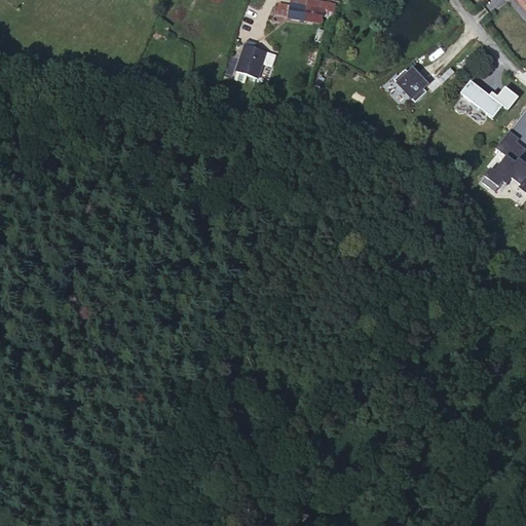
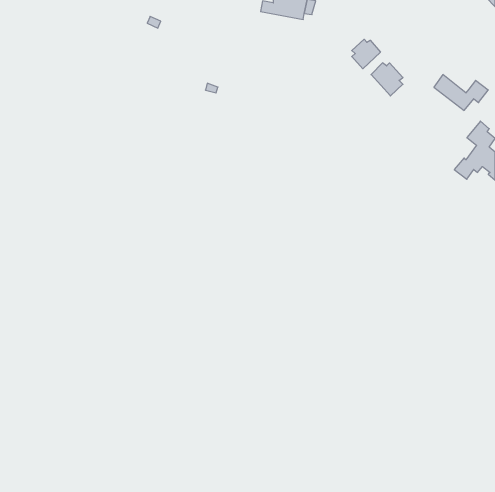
building: none -> [352,39,380,69]
building: [236,42,275,76] -> none

